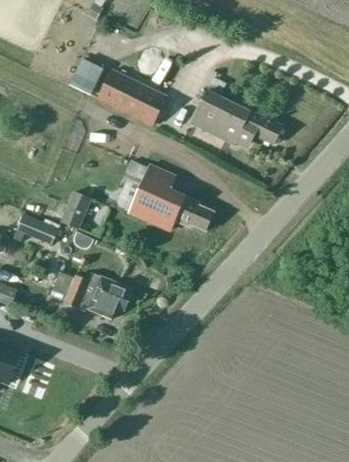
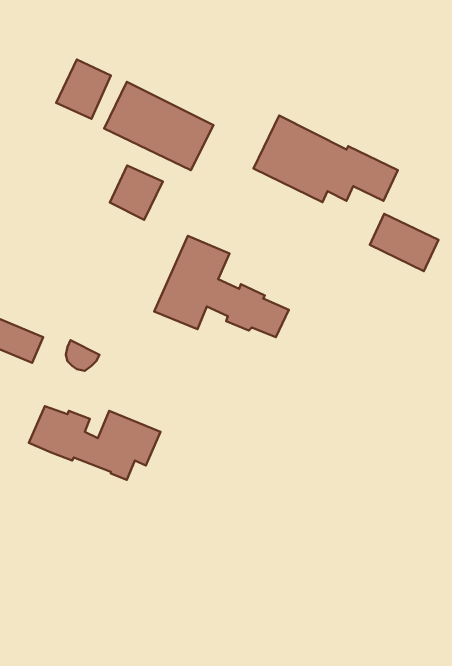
building: none -> [110,166,163,220]
building: none -> [370,214,438,271]
building: [60,192,92,230] -> none

